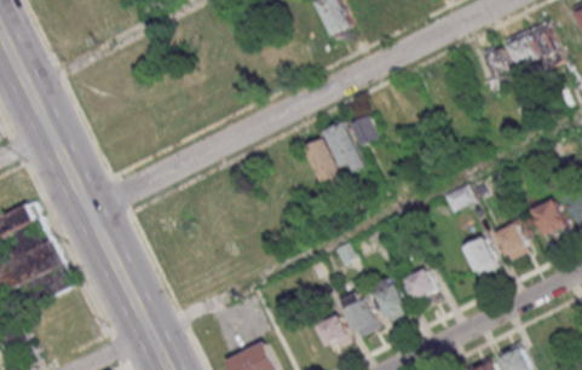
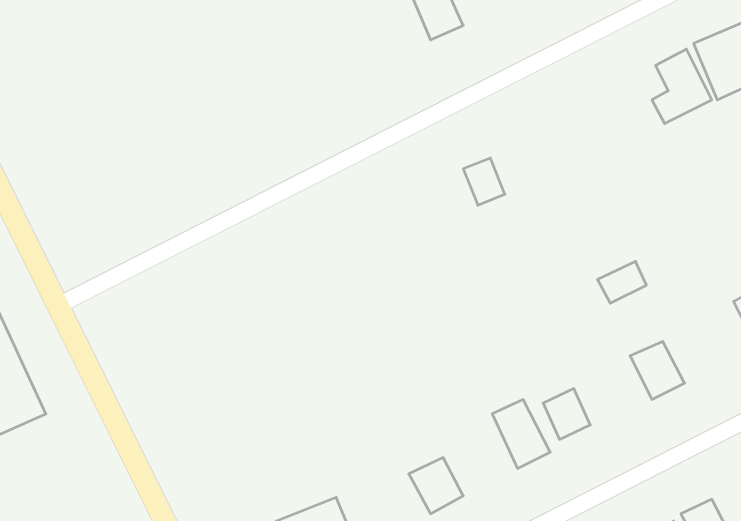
building: [304,121,364,187] -> none
building: [492,222,528,261] -> none
building: [340,290,376,337] -> none

